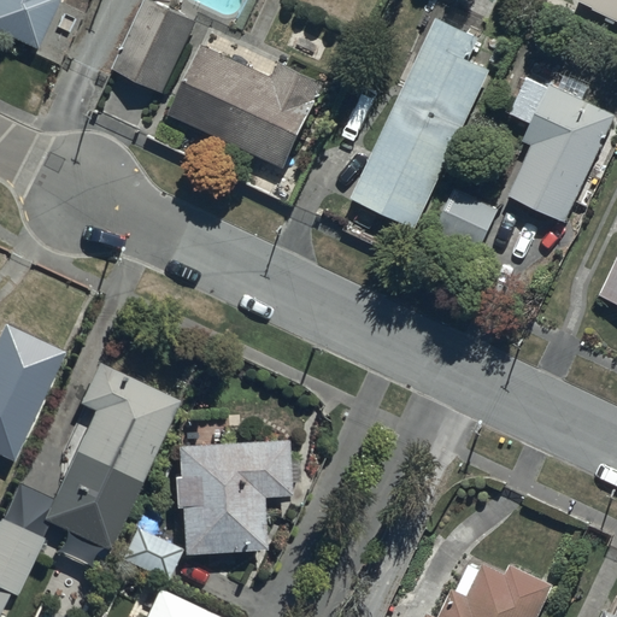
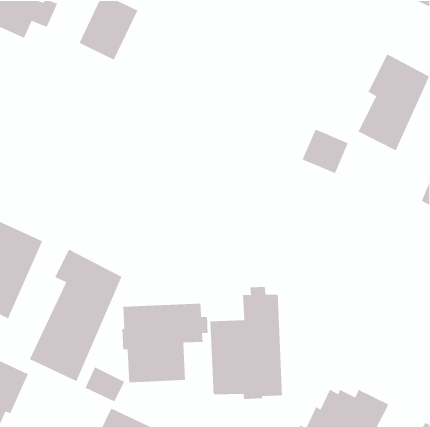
building: [351,14,492,225] -> none
building: [169,42,324,168] -> none
building: none -> [210,286,283,400]

